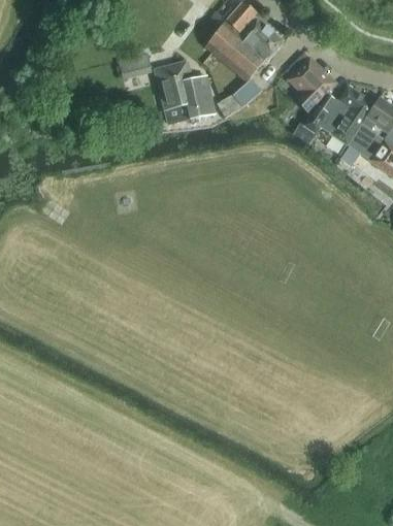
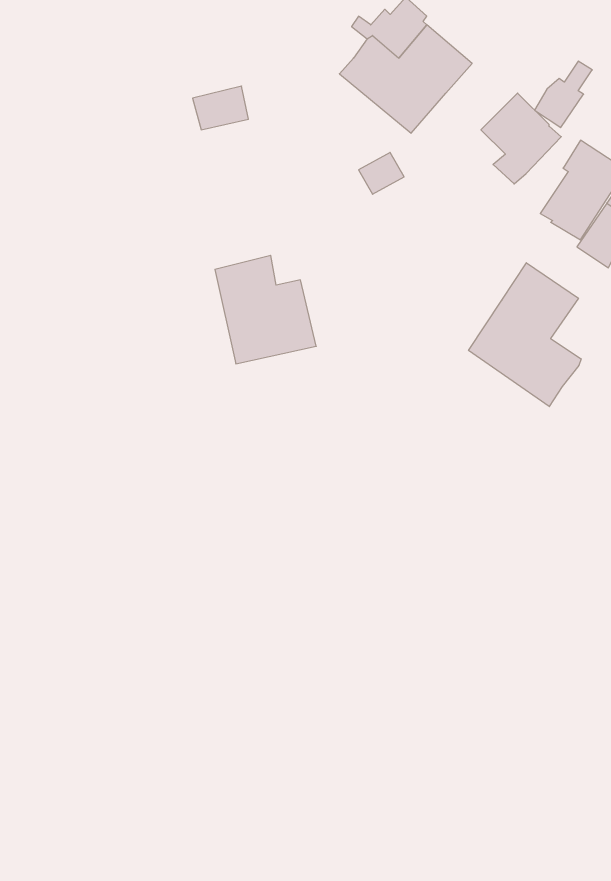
building: [156,60,216,124] -> [215,255,316,364]
building: [301,94,335,133] -> [535,61,592,128]
building: none -> [469,263,581,407]

